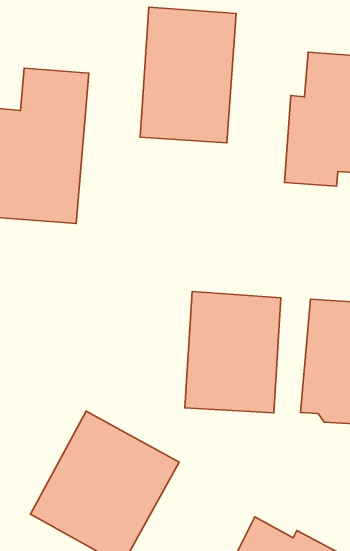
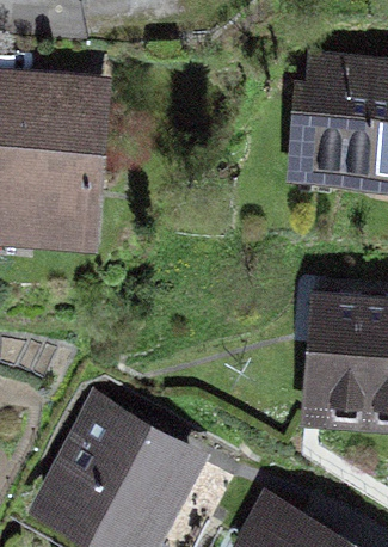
building: [140,7,236,143] -> none
building: [185,292,281,413] -> none

